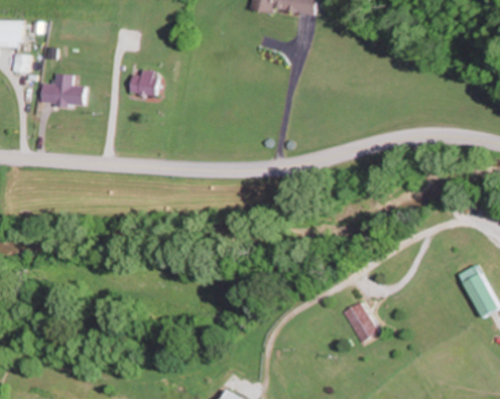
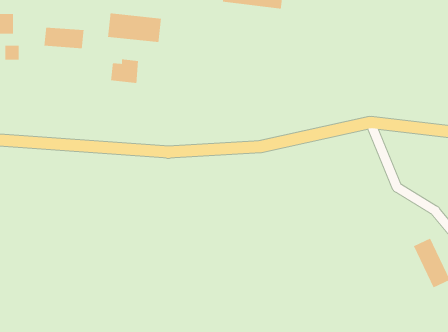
building: none -> [107,13,162,43]
building: [39,81,84,105] -> [44,27,84,49]
building: [342,300,378,342] -> none

